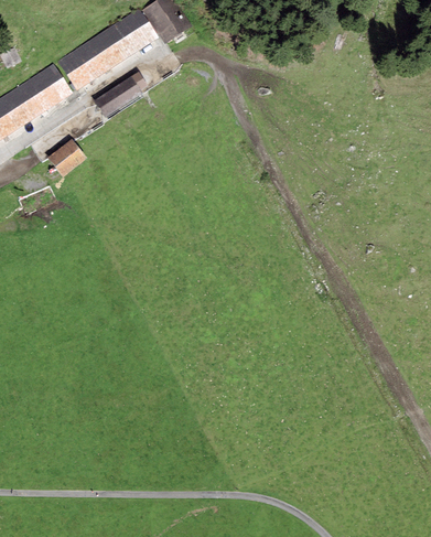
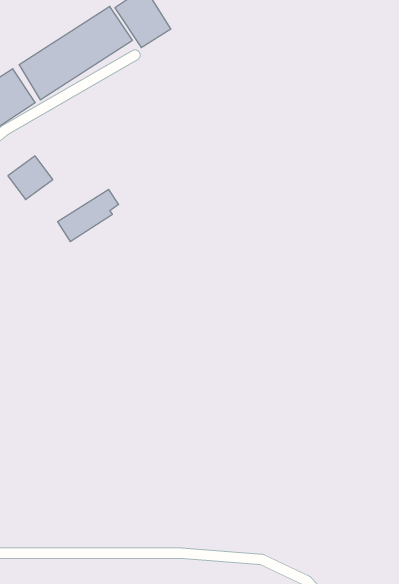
building: [94,72,148,118] -> [58,189,119,242]

